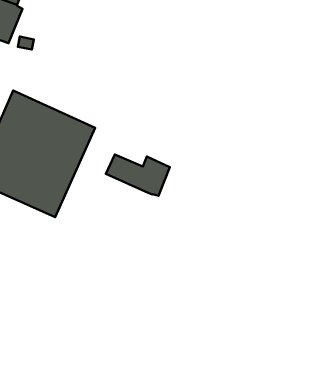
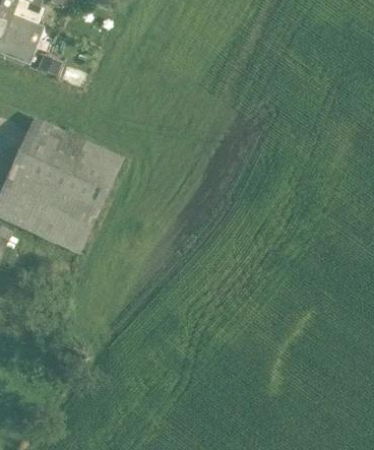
building: [106,155,170,196] -> none

